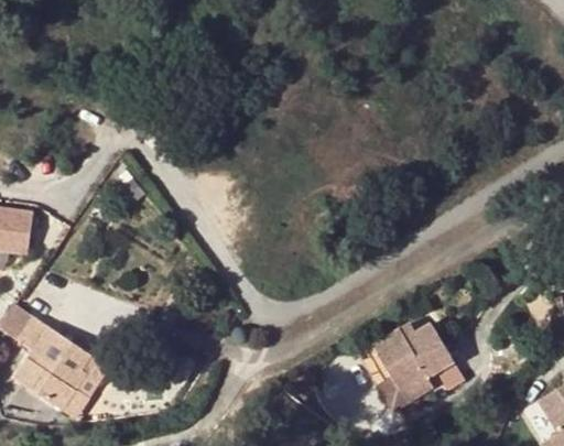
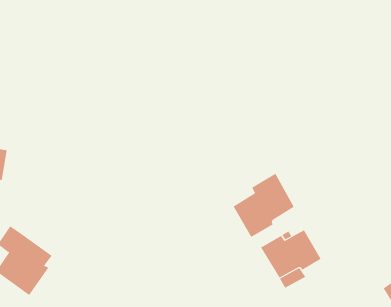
building: none -> [233,173,295,238]

